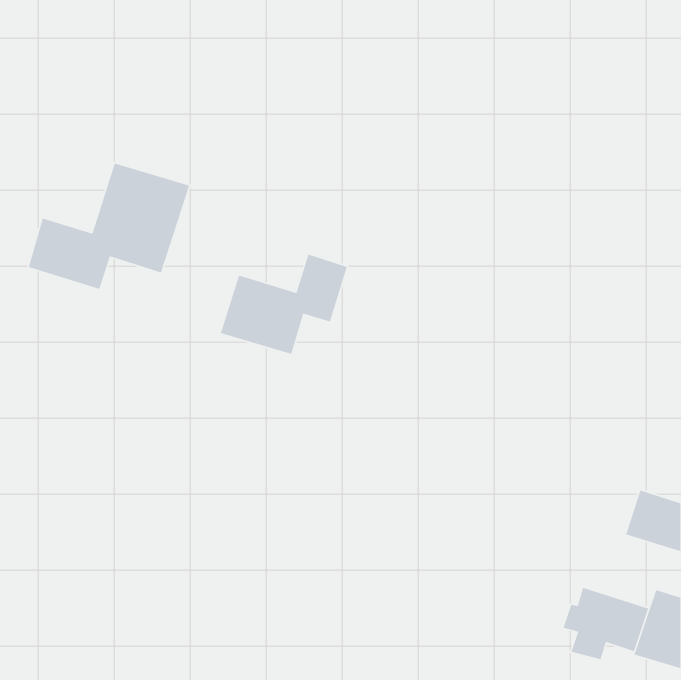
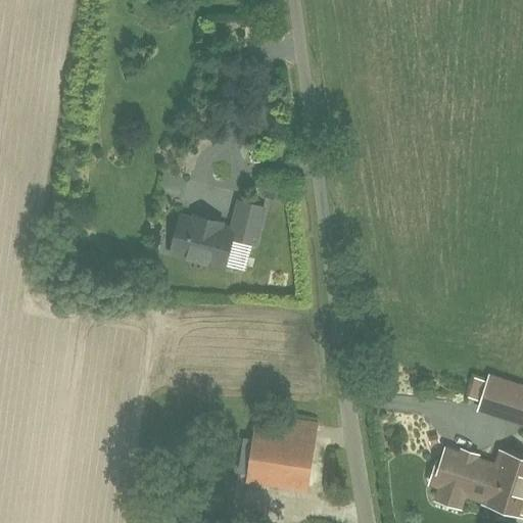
building: [28,162,190,290] -> none
building: none -> [243,420,317,502]

